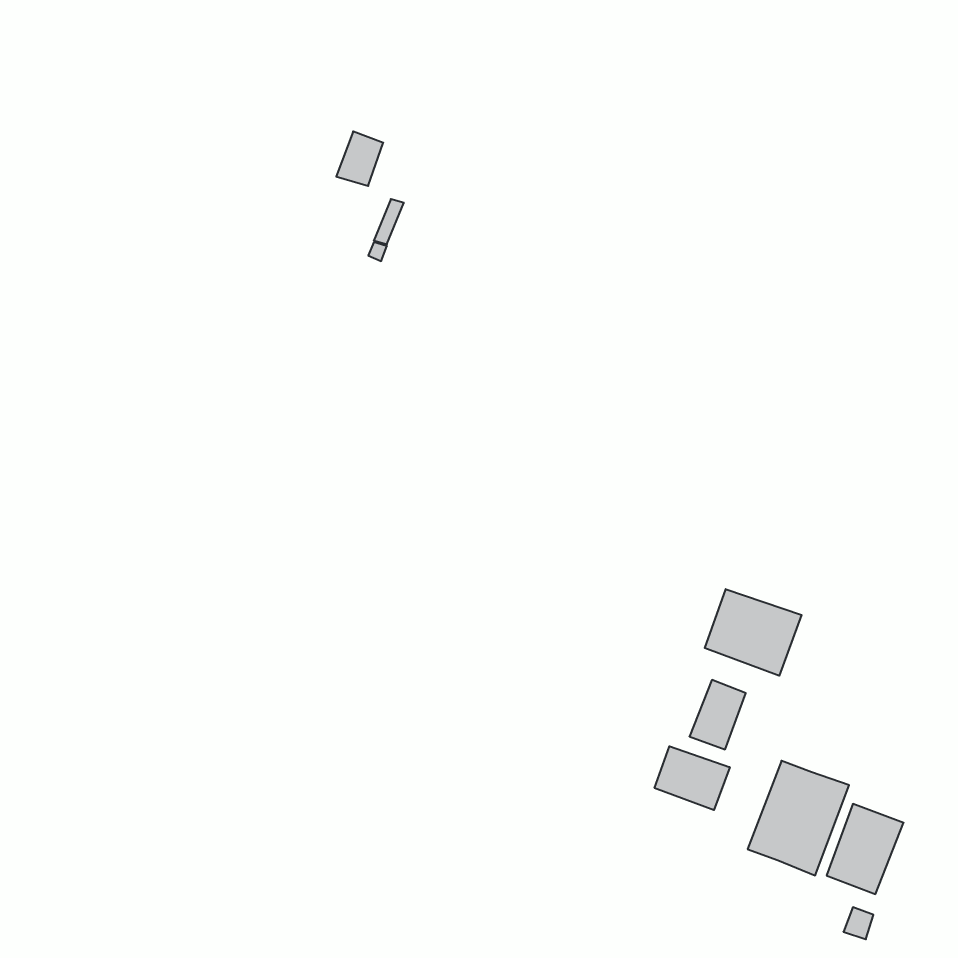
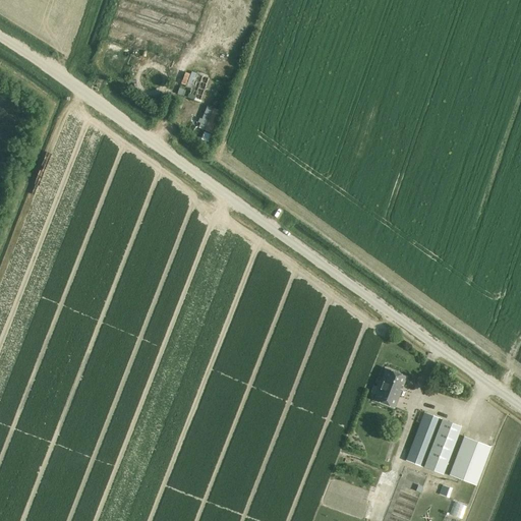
building: [705,589,802,676] -> none
building: [655,746,730,810] -> none

